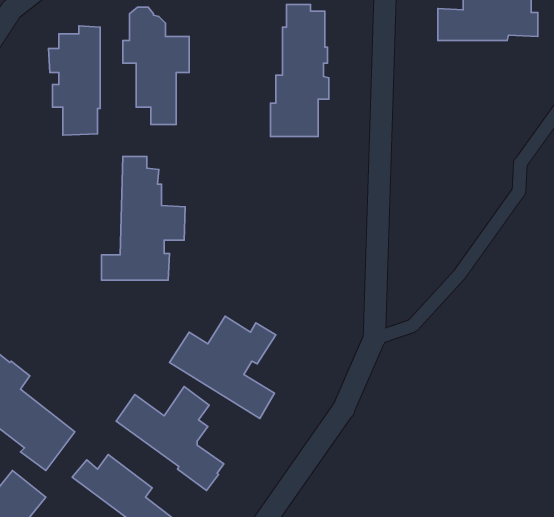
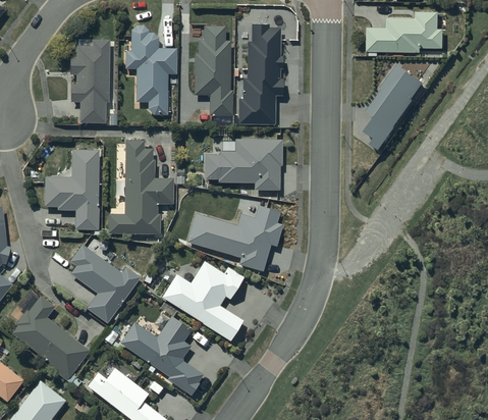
building: none -> [194,27,232,116]
building: none -> [363,63,425,149]
building: none -> [205,140,281,190]
building: none -> [44,150,99,230]
building: none -> [186,207,282,271]
building: none -> [69,248,140,325]

